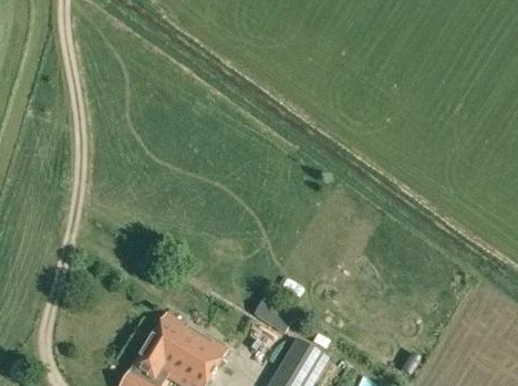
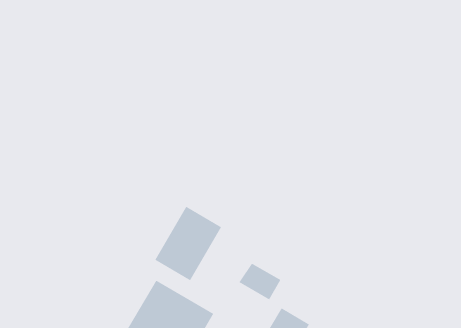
building: none -> [154,206,222,281]

